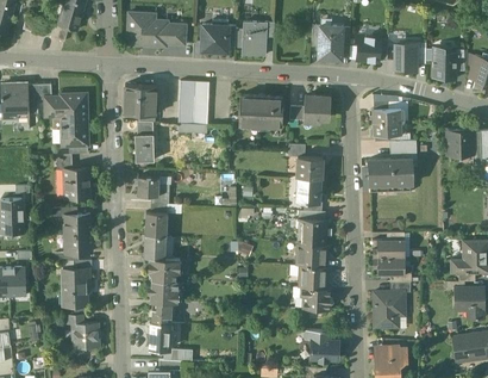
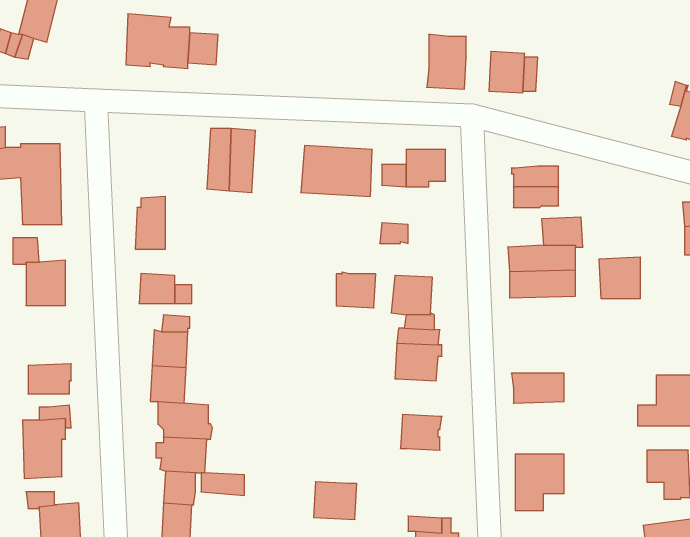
building: [201,20,229,51] -> none
building: [242,21,267,56] -> none
building: [395,42,417,70] -> none
building: [433,47,456,80] -> none
building: [125,85,156,114] -> none
building: [446,130,473,156] -> [599,257,640,299]
building: [298,156,323,179] -> [336,272,376,308]
building: [64,215,93,235] -> none
building: [296,243,326,267] -> none
building: [373,258,405,275] -> none
building: [304,287,331,311] -> [314,482,357,519]

